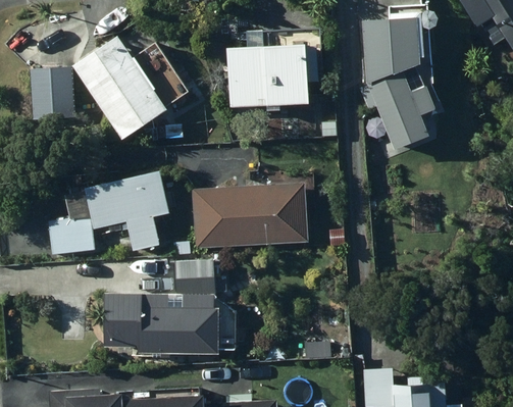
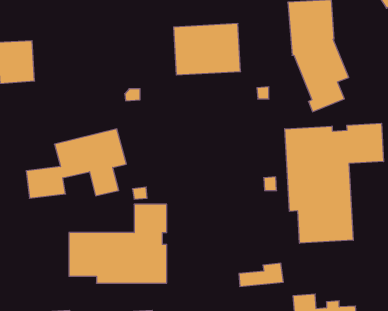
building: [69,35,189,139] -> none
building: none -> [285,123,384,243]
building: [197,183,309,248] -> none

